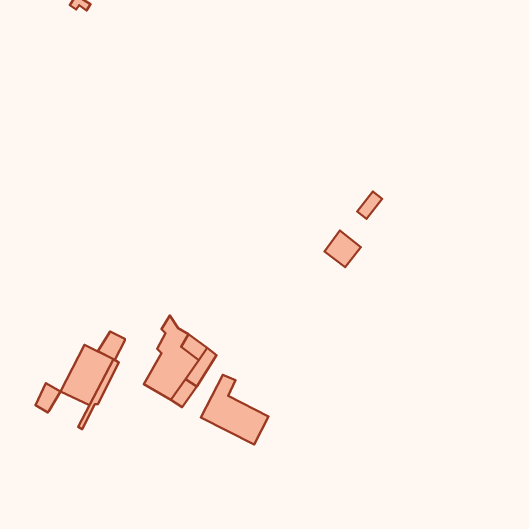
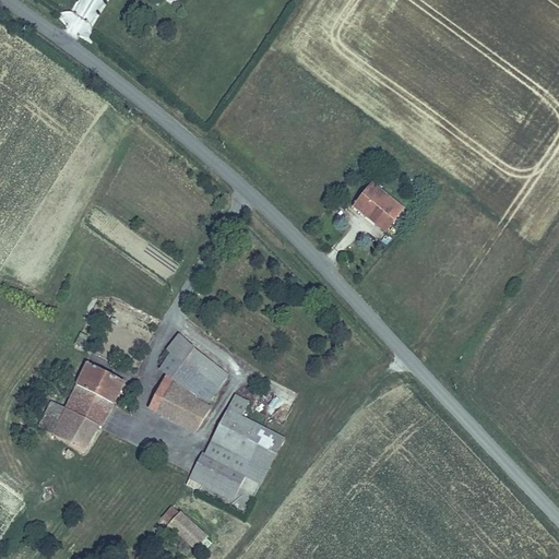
building: [324,231,361,267] -> [353,183,391,222]
building: [98,332,125,360] -> none
building: none -> [51,411,94,448]
building: none -> [194,438,266,490]
building: none -> [162,504,205,546]

